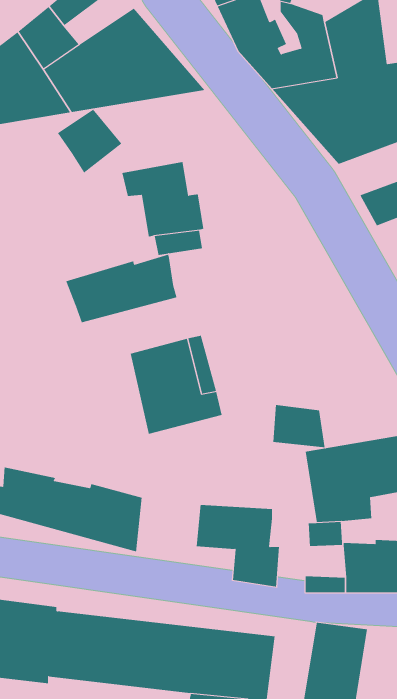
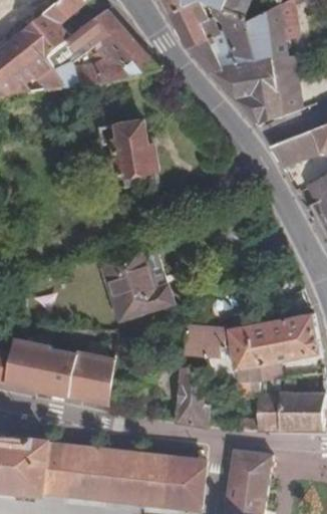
building: [57,109,122,173] -> none
building: [66,254,177,323] -> none
building: [272,404,326,448] -> [184,328,222,359]

